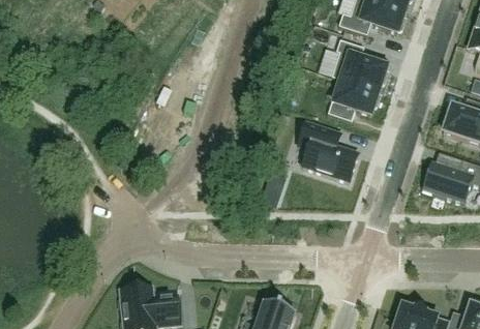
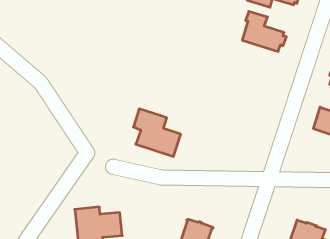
building: [328,76,381,120] -> none
building: [298,121,358,181] -> [133,109,181,156]

